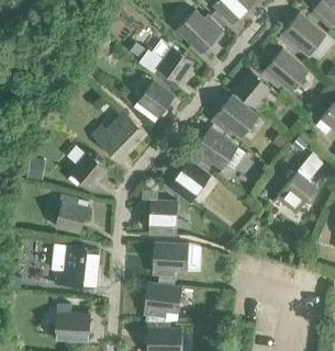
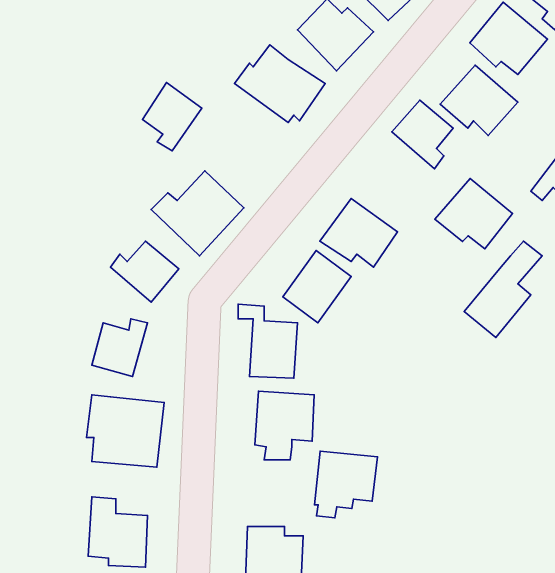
building: [138,80,174,121] -> [142,82,202,151]
building: [212,95,258,137] -> [435,178,513,249]
building: [144,283,181,322] -> [315,451,378,518]

